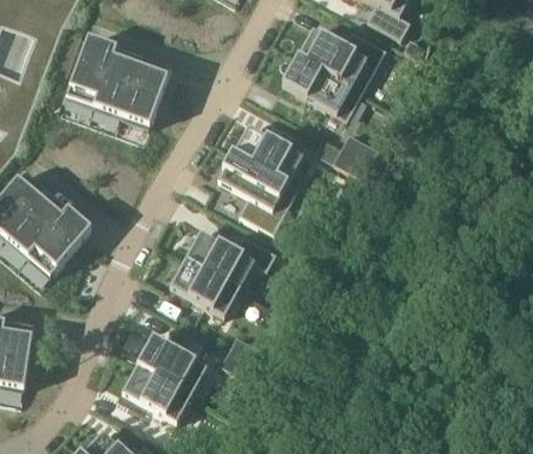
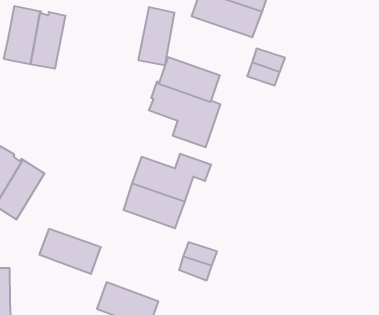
building: [119,58,169,125] -> [138,7,175,65]
building: [136,335,206,393] -> [39,229,101,274]

